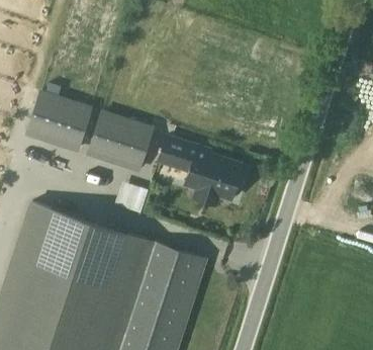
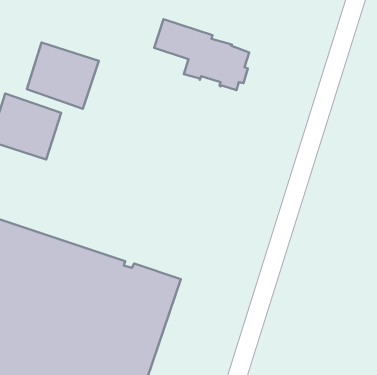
building: [90,111,154,170] -> [27,43,99,109]
building: [160,136,244,198] -> [154,19,249,90]

